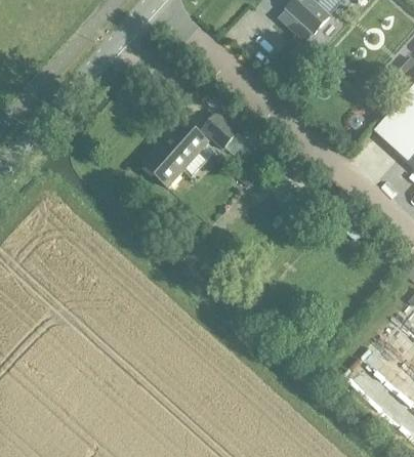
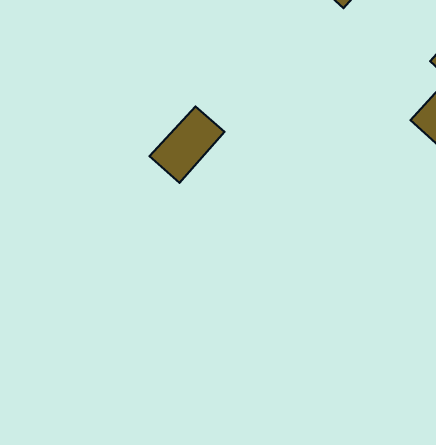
building: [201,113,238,148] -> none

